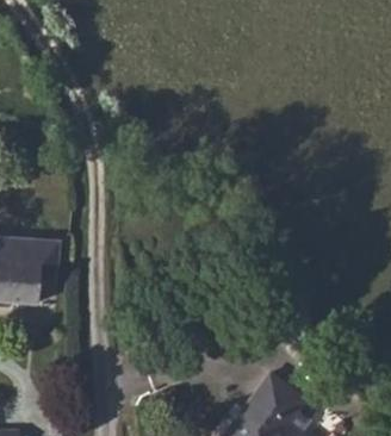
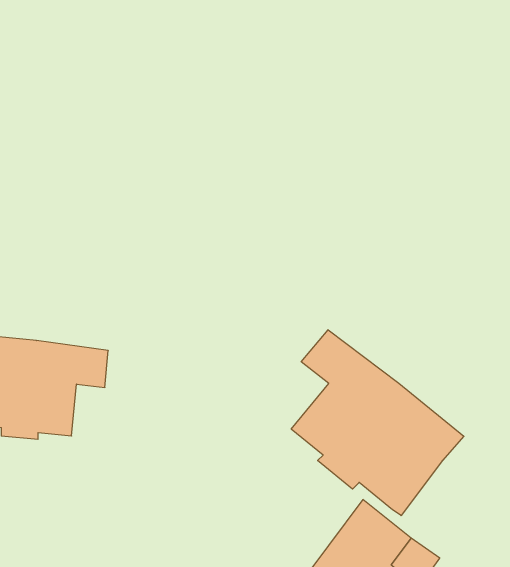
building: none -> [291,330,464,516]

